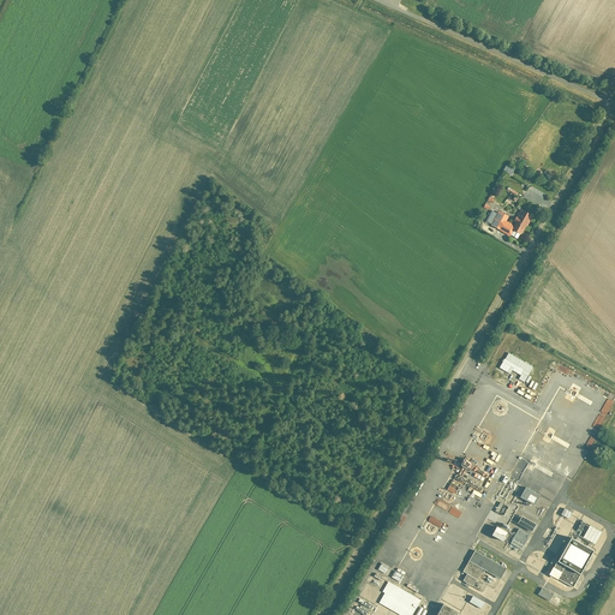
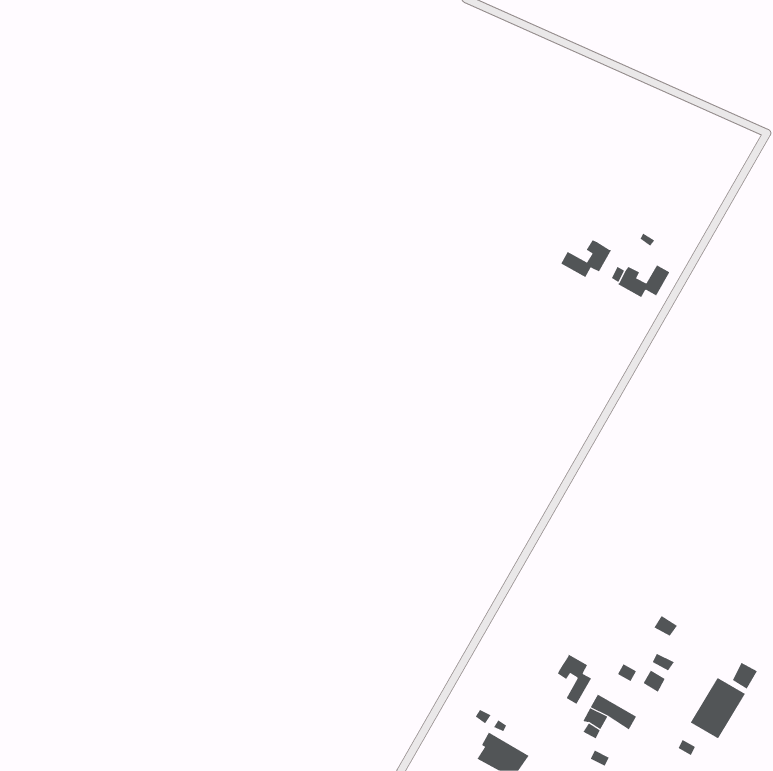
building: none -> [560,239,612,278]
building: none -> [557,654,592,705]

